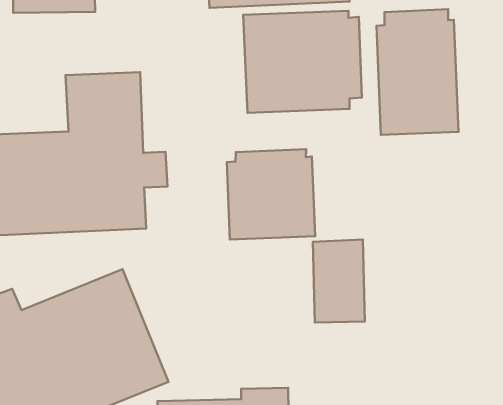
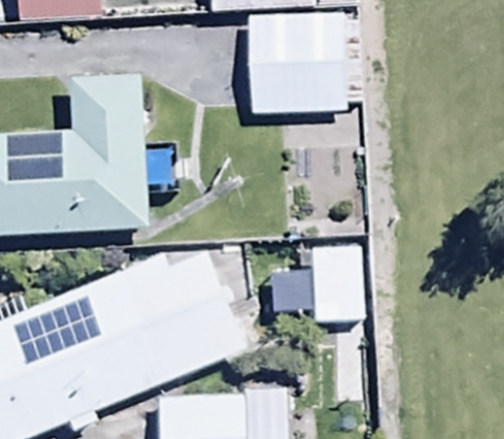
building: [376,9,458,135] -> none
building: [227,149,315,240] -> none

